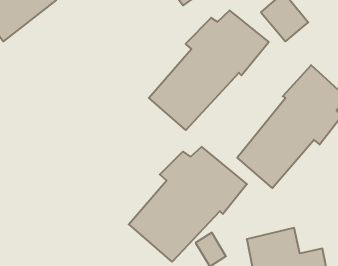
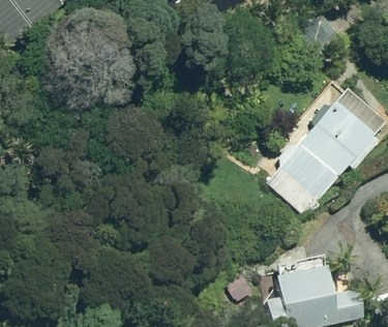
building: [149,10,269,130] -> none
building: [129,147,247,262] -> none

